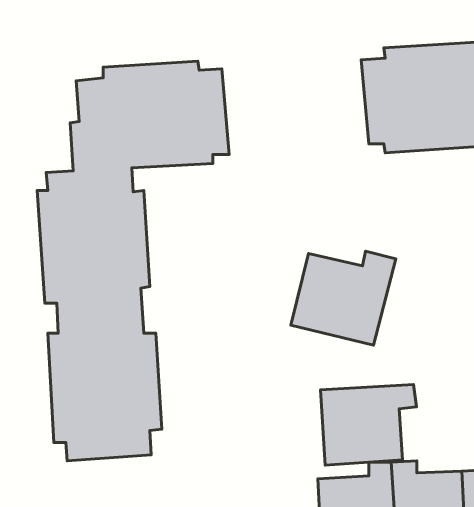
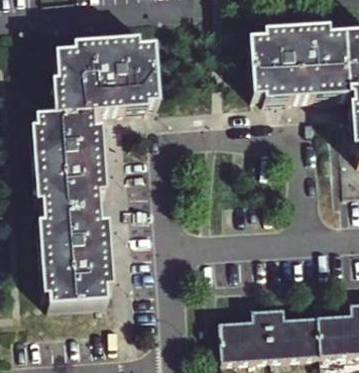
building: [291,251,396,345] -> none
building: [321,385,417,465] -> none

